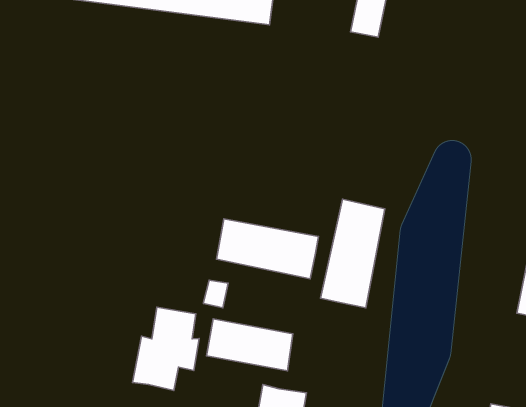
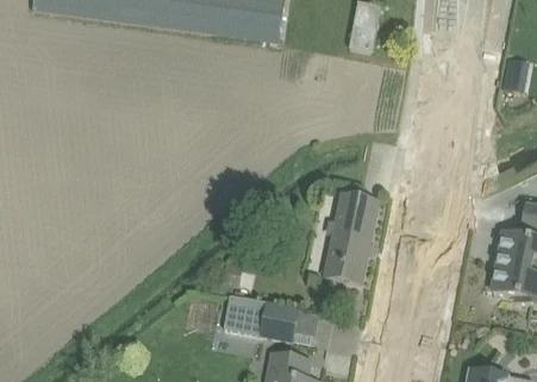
building: [217,219,319,279] -> none
building: [132,307,199,390] -> none

